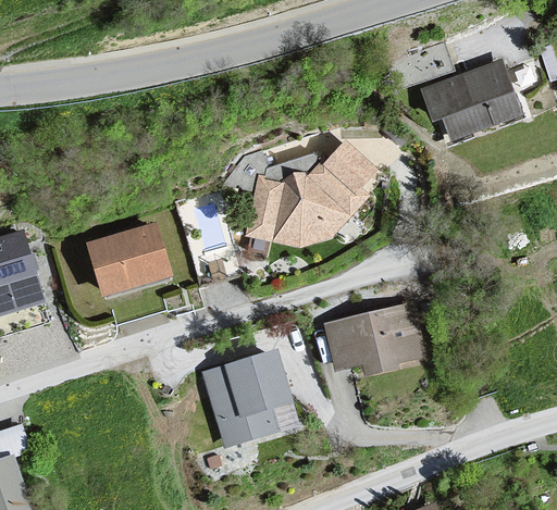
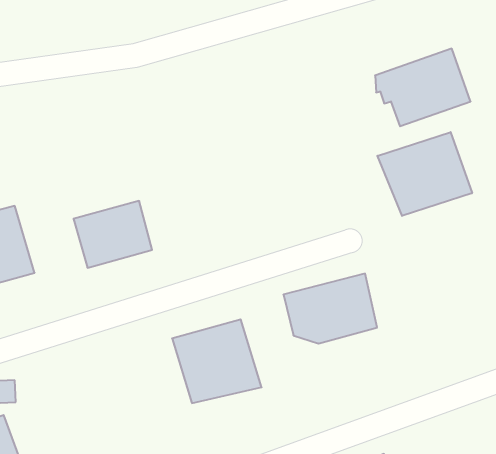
building: [242,140,373,249] -> none
building: none -> [377,132,472,216]

